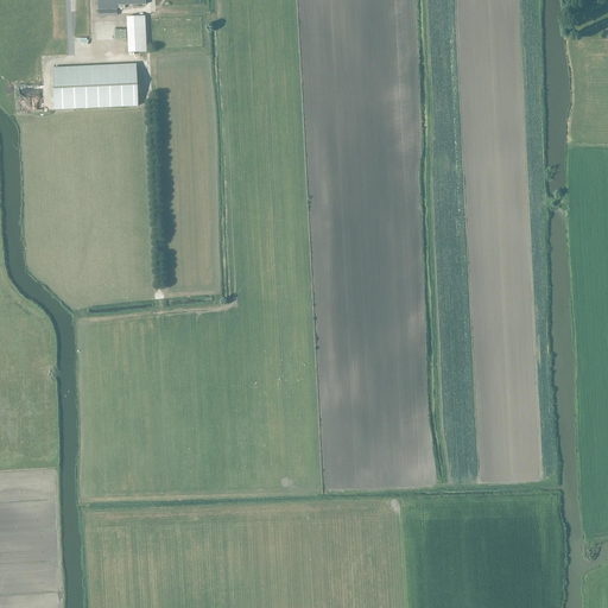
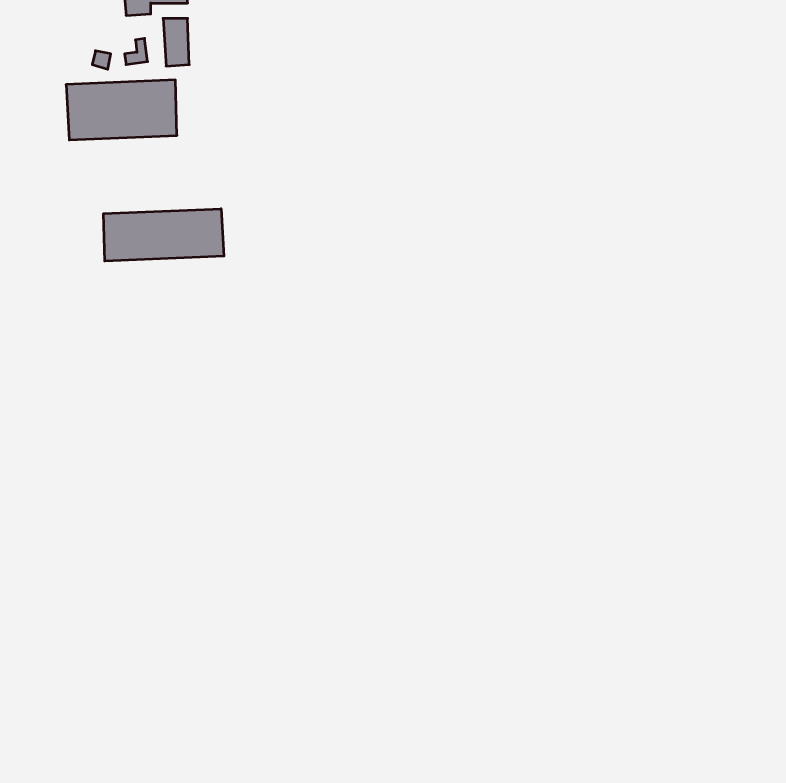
building: none -> [104,209,224,261]

